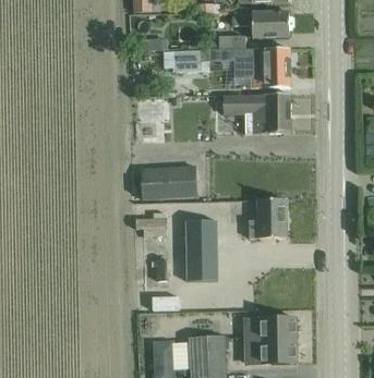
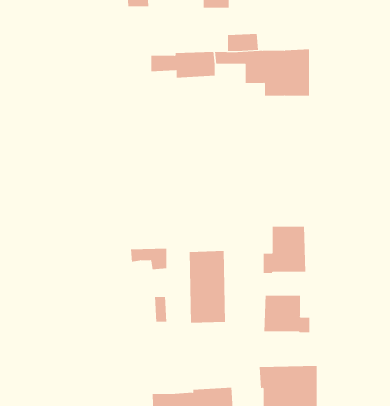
building: [233,11,289,38] -> none
building: [224,94,290,133] -> none
building: [141,163,197,198] -> none
building: none -> [264,295,310,333]

